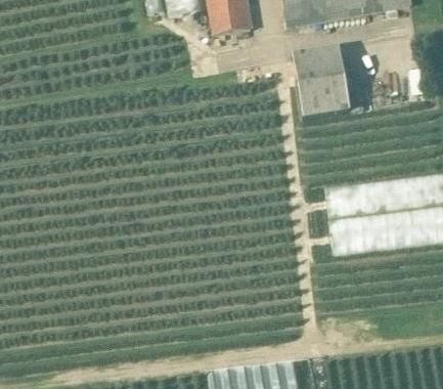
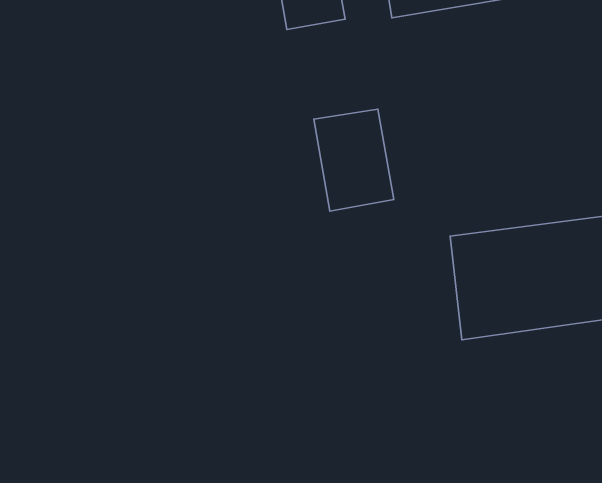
building: [294,46,350,118] -> [314,109,394,211]

